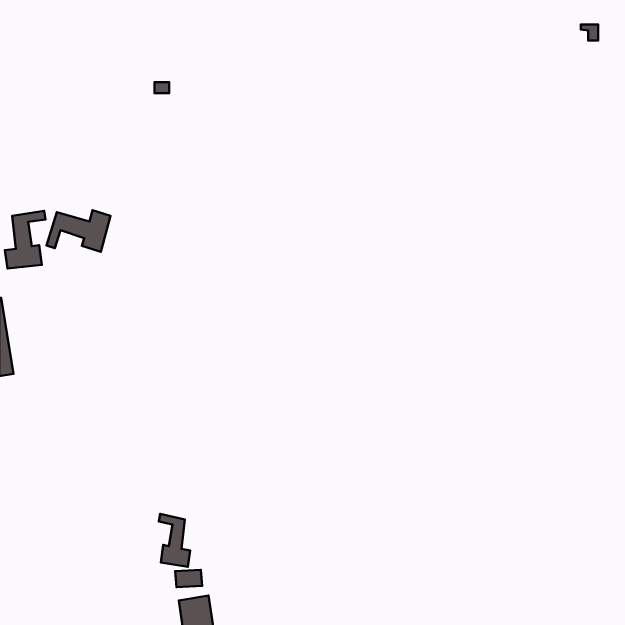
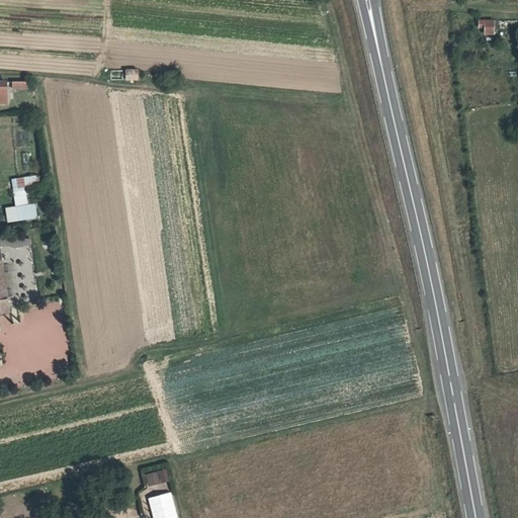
building: [47,210,110,252] -> none
building: [159,514,190,567] -> none

